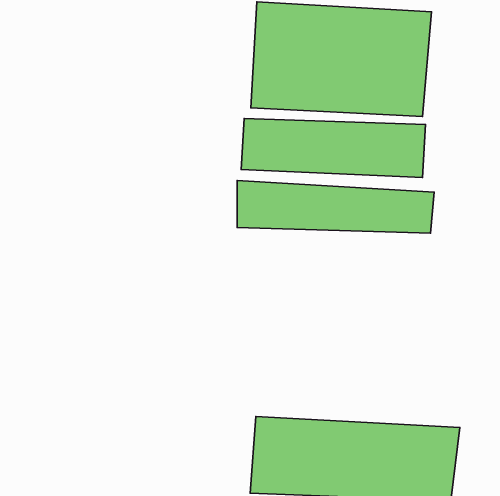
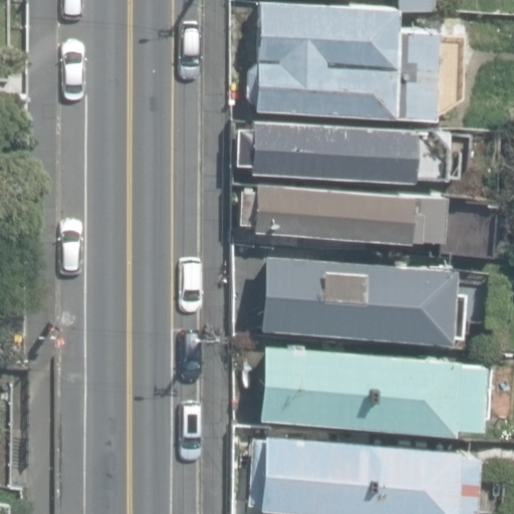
building: none -> [265,260,451,342]
building: none -> [265,344,481,432]

